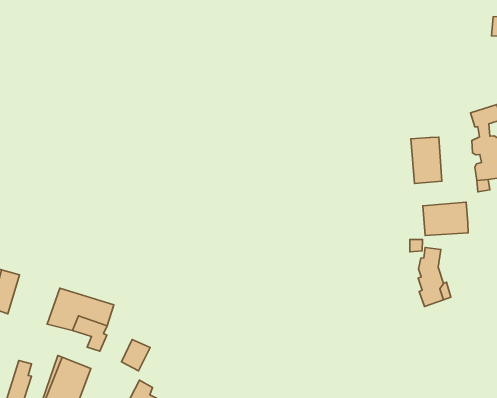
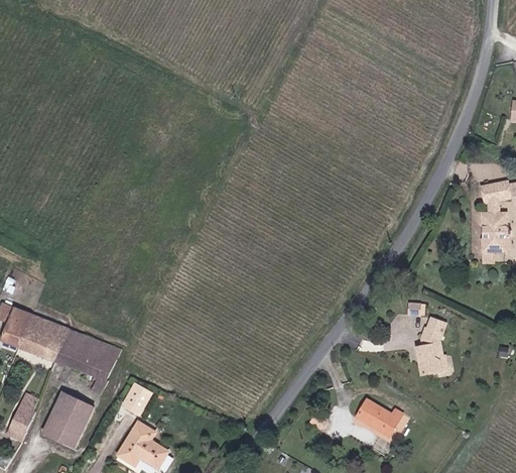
building: [411,137,442,183] -> none
building: [423,202,468,235] -> none
building: none -> [15,312,68,362]
building: none -> [361,399,408,437]

